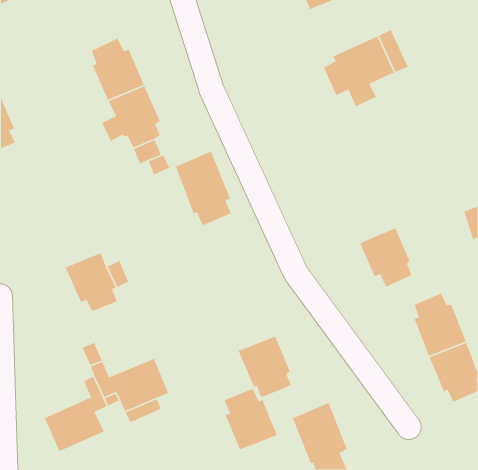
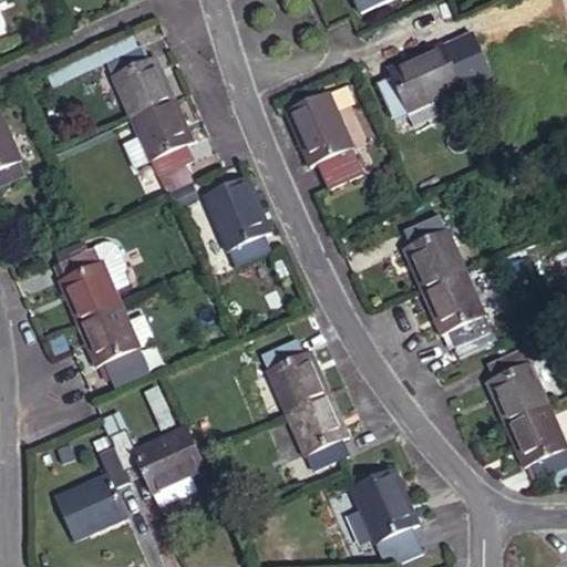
building: none -> [291,90,369,187]
building: none -> [406,210,468,288]
building: none -> [59,243,124,317]
building: [224,388,278,450] -> [262,341,327,415]

